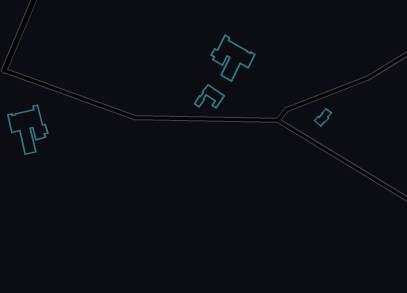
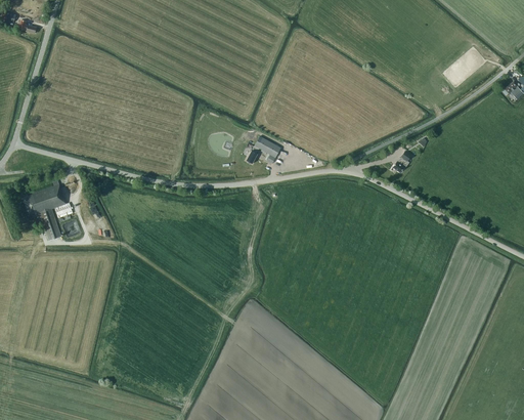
building: [211,35,255,81] -> none

